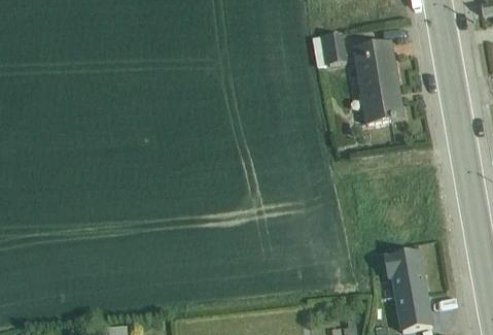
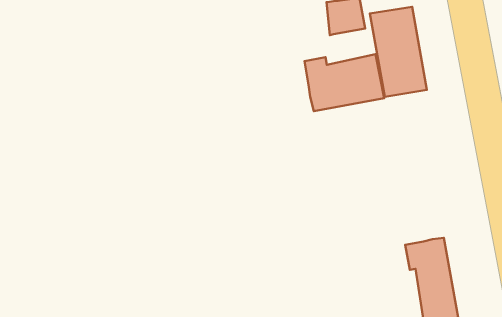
building: none -> [304,54,384,111]

